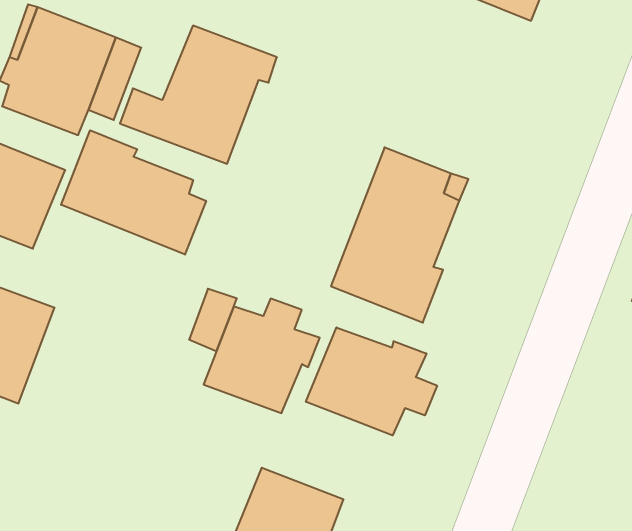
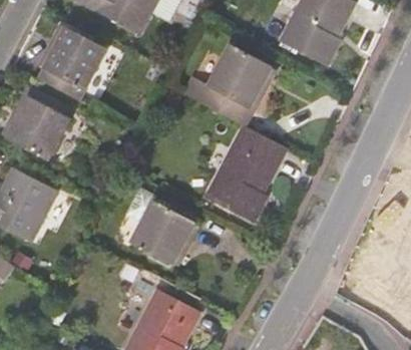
building: [120,26,277,164] -> [185,48,274,124]
building: [61,130,206,255] -> none
building: [306,327,437,435] -> none

